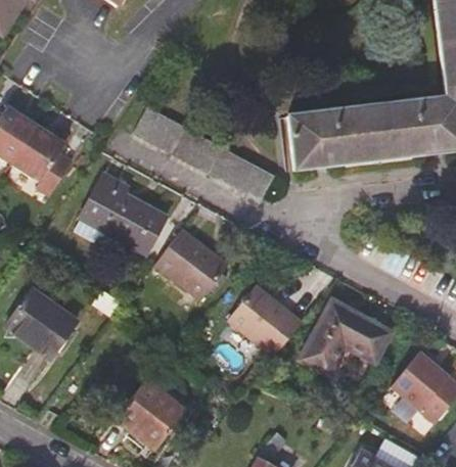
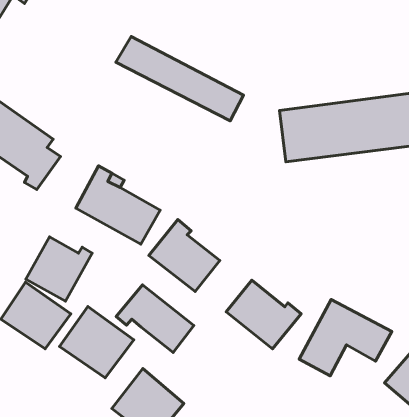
building: [133,107,260,191] -> [116,37,243,121]
building: none -> [26,237,92,301]
building: none -> [116,285,194,352]
building: none -> [59,306,134,378]

